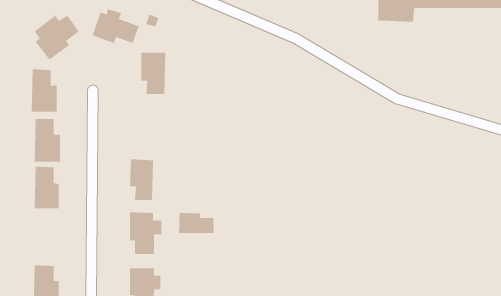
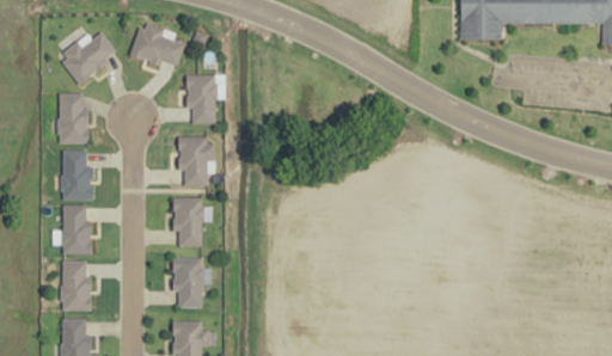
building: none -> [177,135,214,185]
building: [179,212,214,234] -> none
building: none -> [63,260,93,309]

